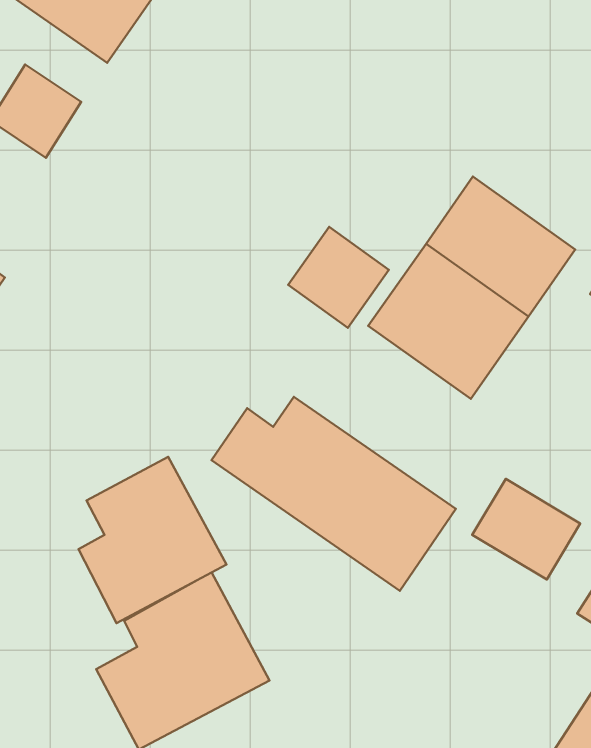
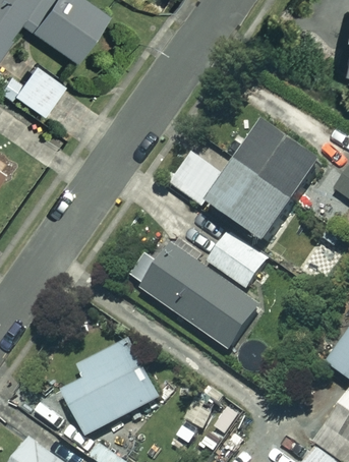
building: [79,457,226,623] -> none
building: [472,479,580,580] -> [207,231,266,286]

